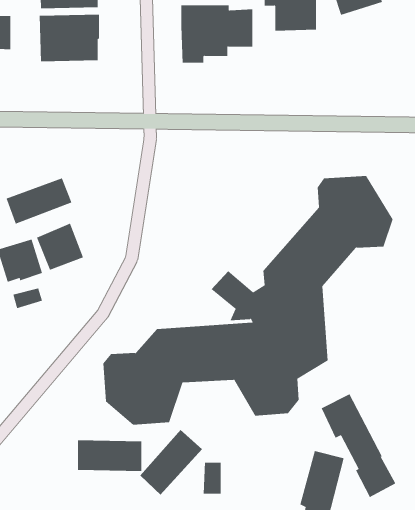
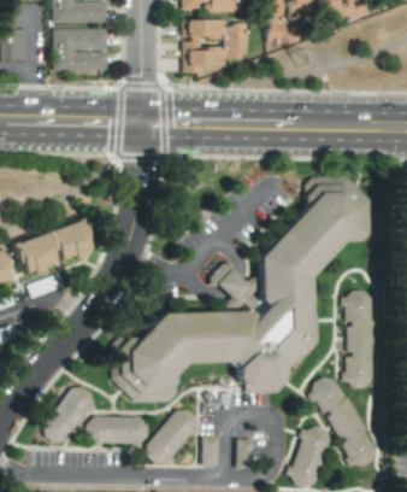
building: [6,178,72,225] -> none
building: none -> [341,292,374,387]
building: none -> [41,383,98,446]

